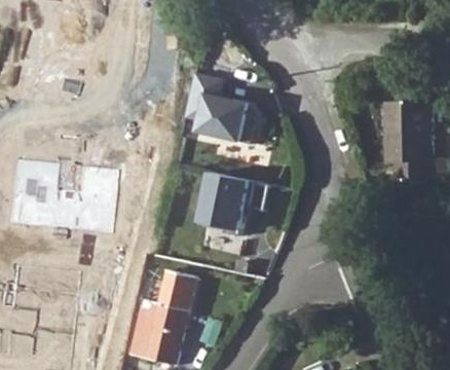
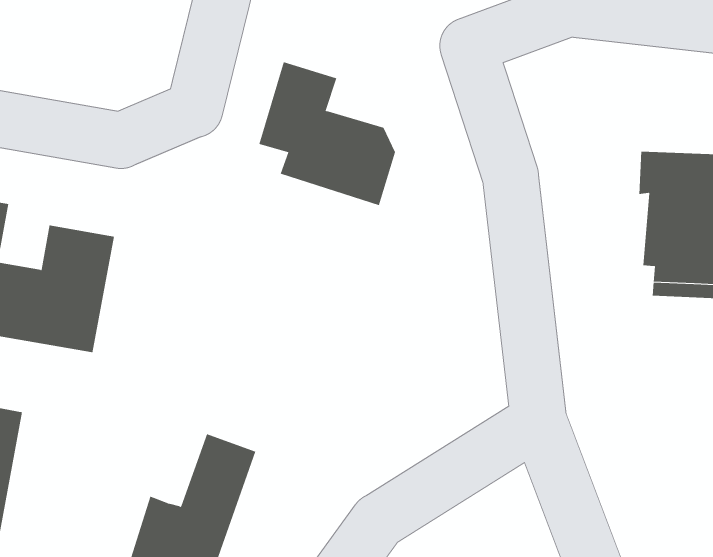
building: [196,171,254,233] -> none

